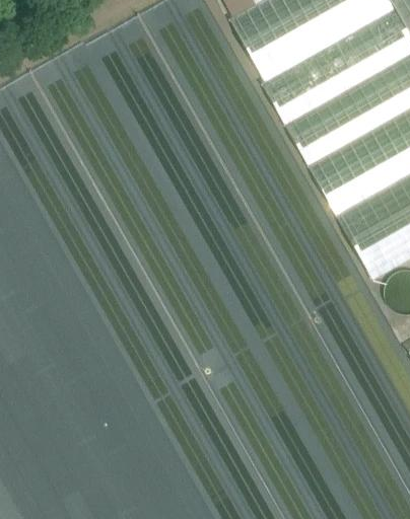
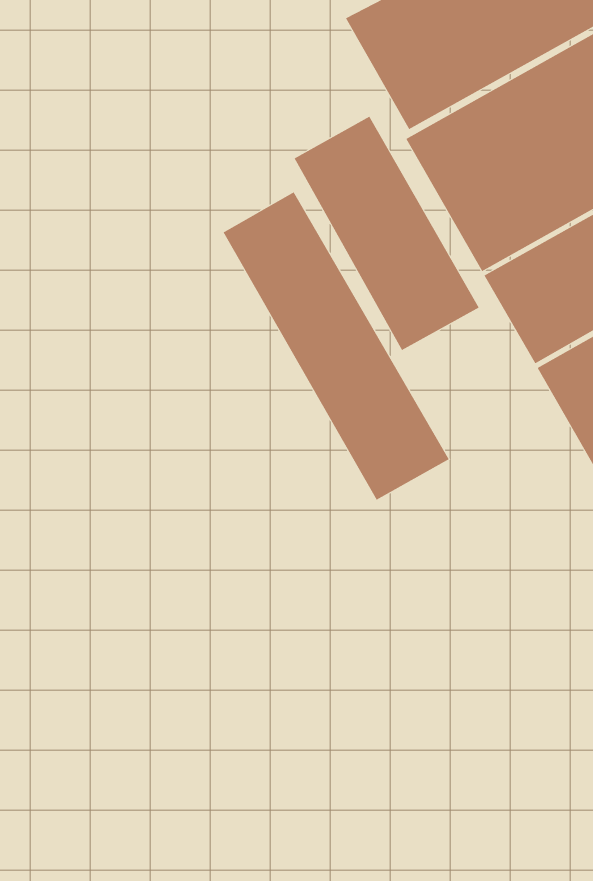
building: none -> [294,116,479,351]
building: none -> [223,191,449,501]

